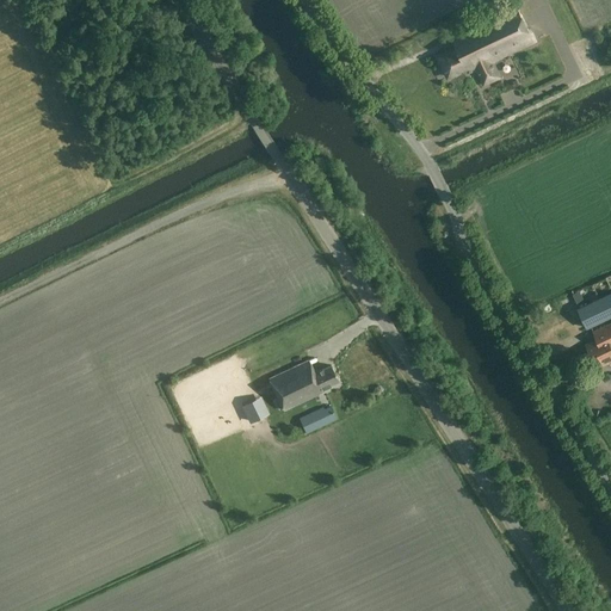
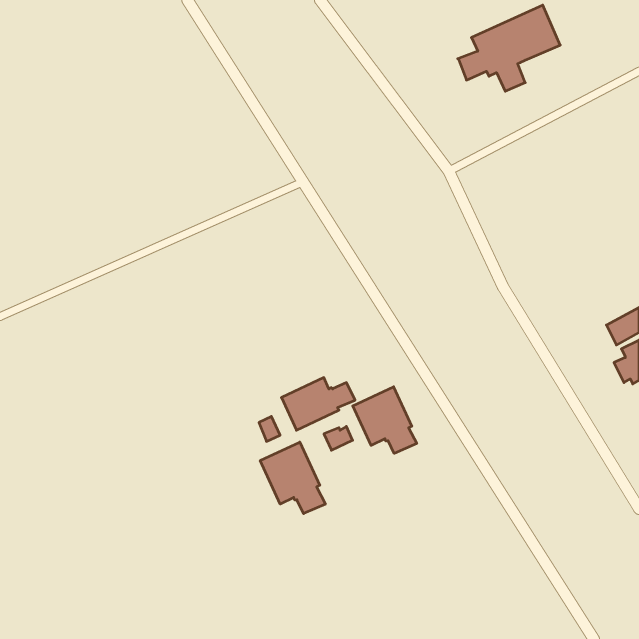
building: none -> [353,387,417,453]
building: none -> [260,442,325,514]

